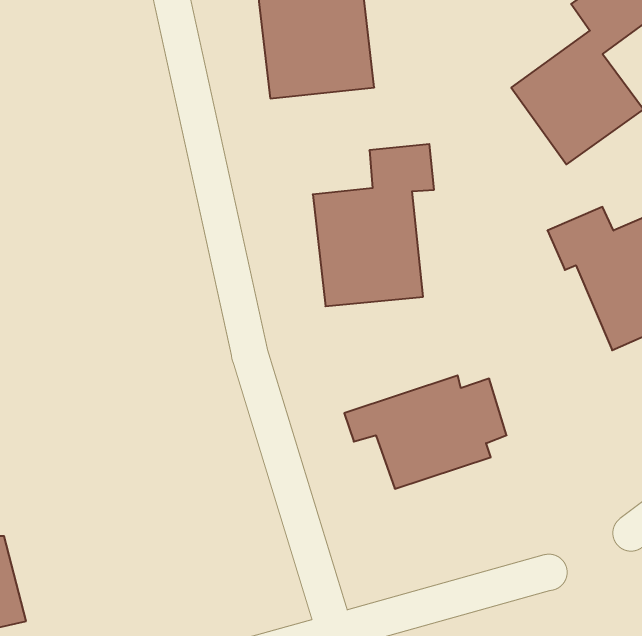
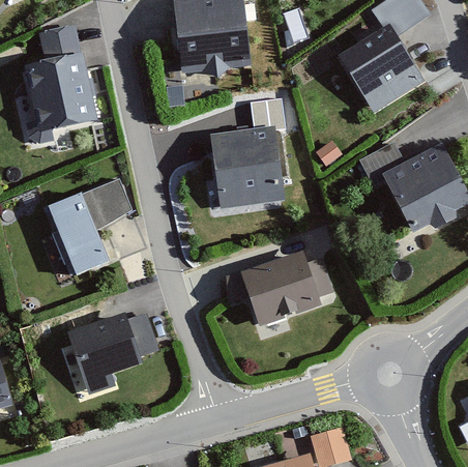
building: none -> [18,22,96,138]
building: none -> [52,178,137,273]
building: none -> [60,305,157,396]

